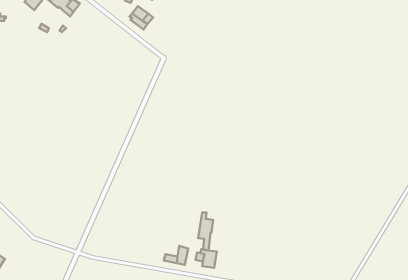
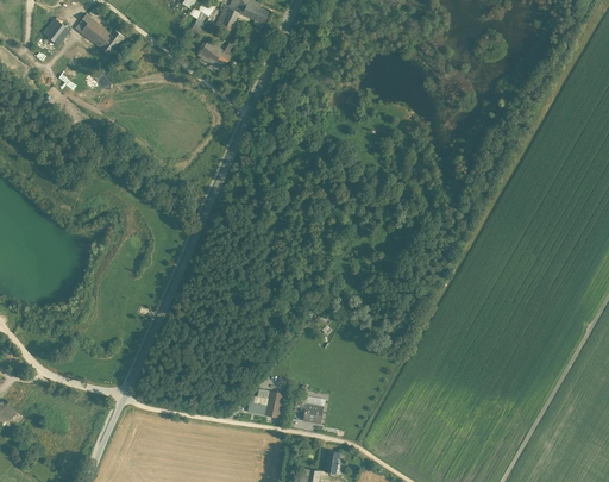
building: [198,213,213,250] -> none

